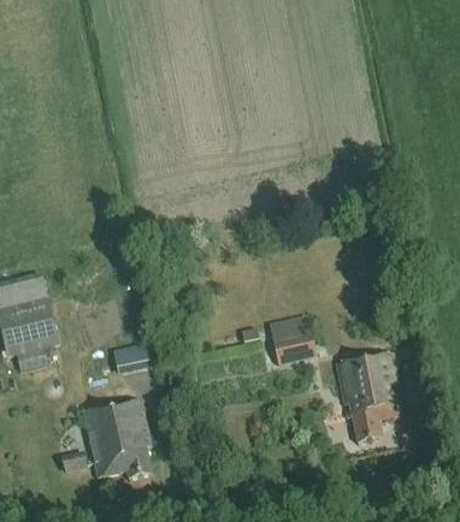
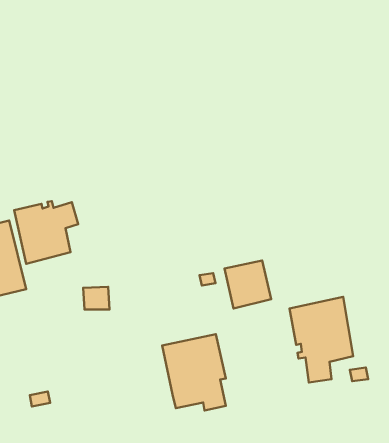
building: none -> [14,201,78,264]
building: [83,399,151,480] -> [162,334,226,410]

